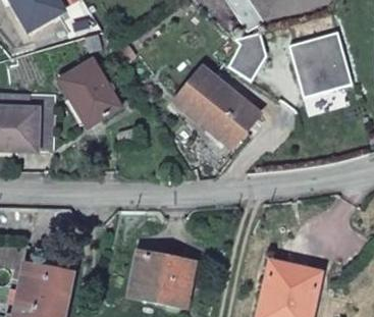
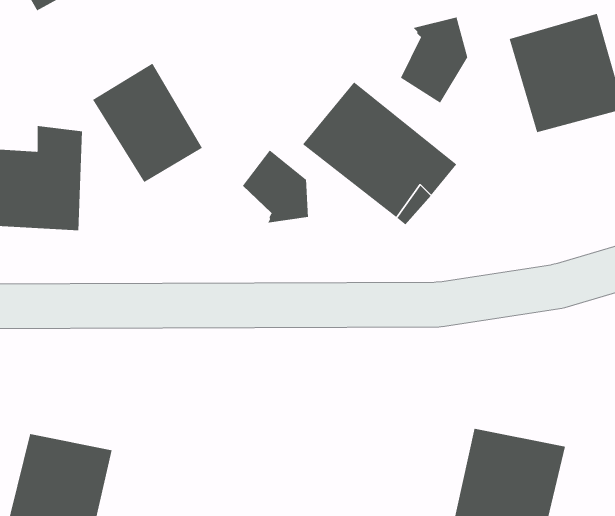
building: none -> [242,149,308,224]
building: [132,252,190,299] -> none

